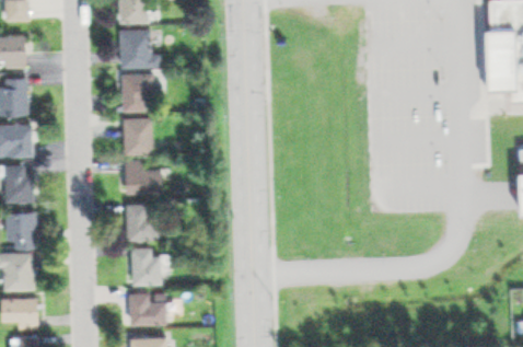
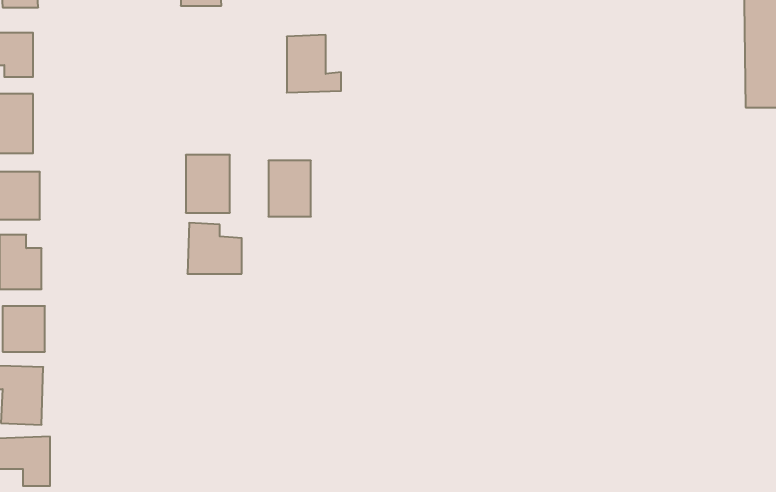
building: [124,28,159,66] -> [287,35,341,93]
building: [124,73,151,109] -> [268,161,311,217]
building: [127,205,156,240] -> none
building: [132,248,160,285] -> none
building: [130,296,165,324] -> none

